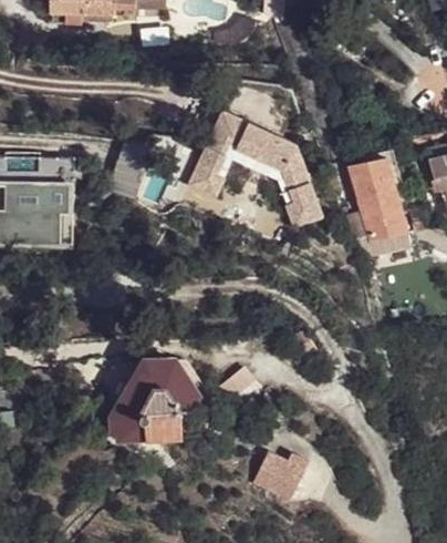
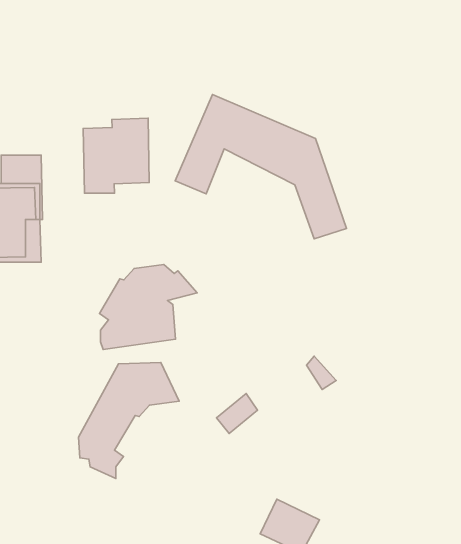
building: none -> [83,118,149,193]
building: [347,158,408,242] -> none
building: [127,372,211,445] -> [99,264,197,350]

